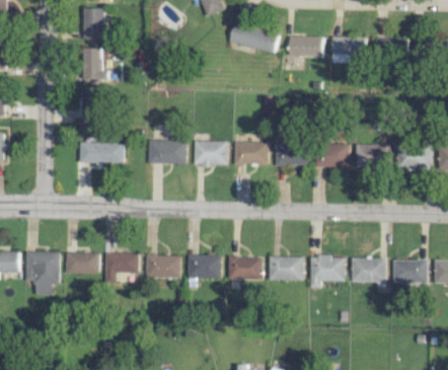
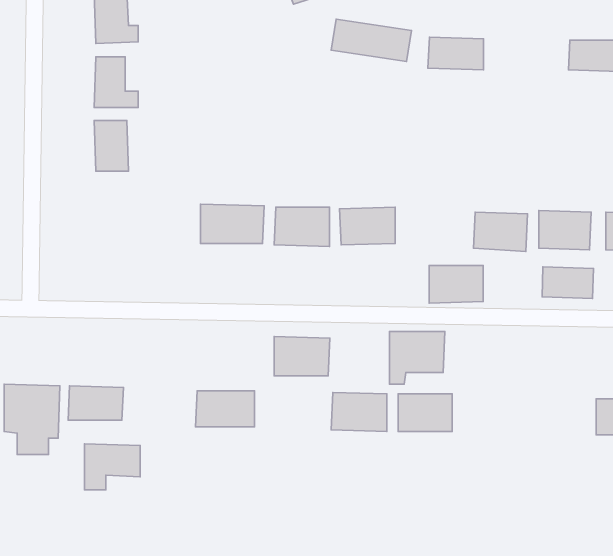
building: [330,35,366,63] -> none
building: [79,141,124,163] -> none
building: [275,142,308,165] -> [429,266,483,303]
building: none -> [542,267,593,299]
building: [104,252,139,281] -> [84,444,140,490]
building: [188,253,222,278] -> [274,336,330,376]
building: [310,255,345,288] -> [389,332,445,384]
building: [351,257,385,282] -> none

